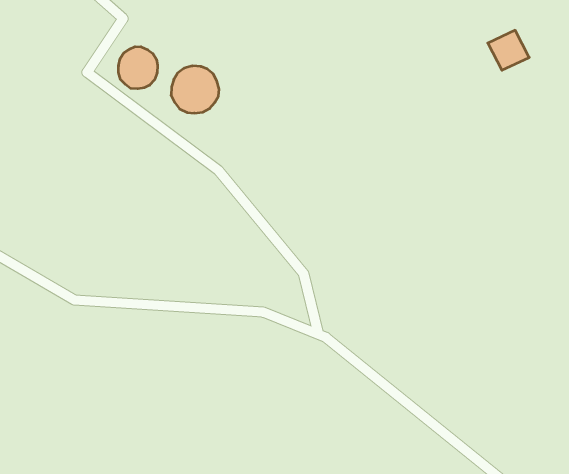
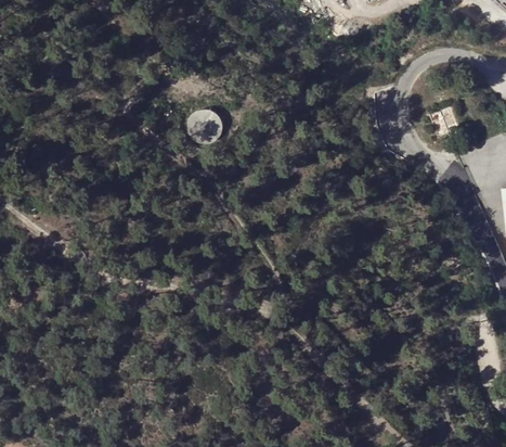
building: [118,47,158,89] -> none

